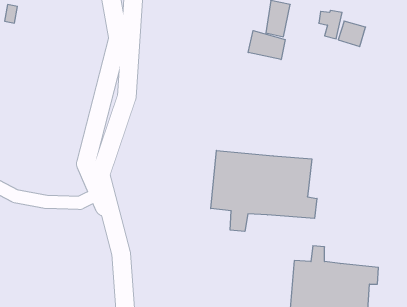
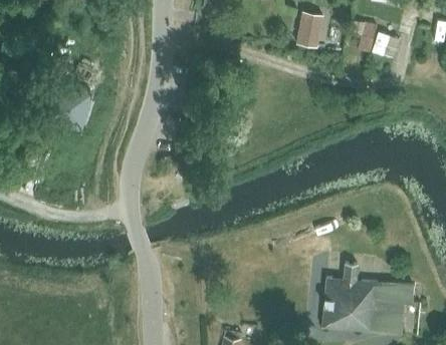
building: [248,31,285,60] -> none
building: [211,150,317,231] -> none

